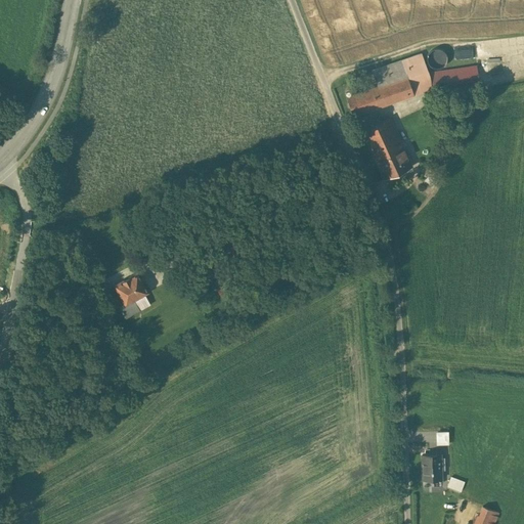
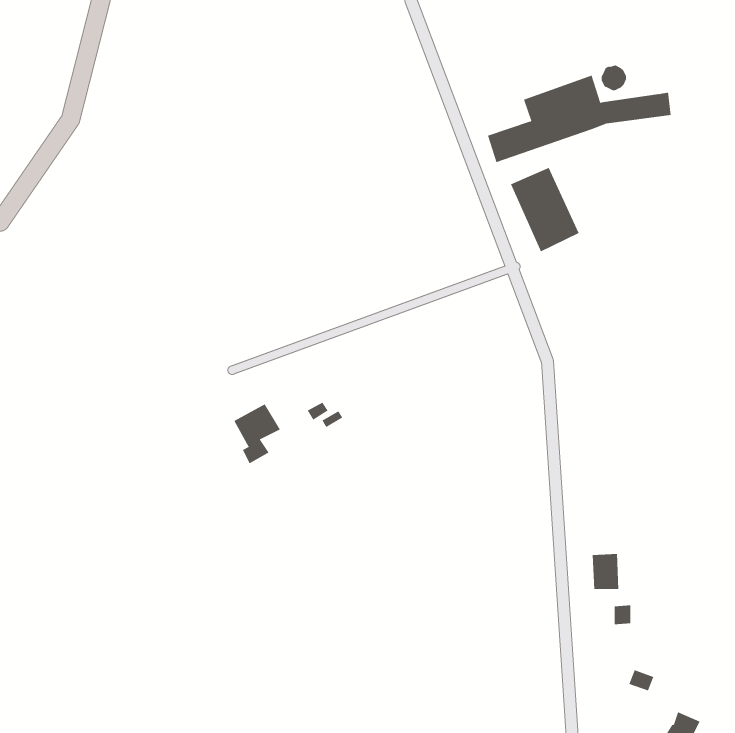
building: [115,274,148,317] -> [233,404,281,464]
building: [422,455,441,481] -> [592,553,619,589]

